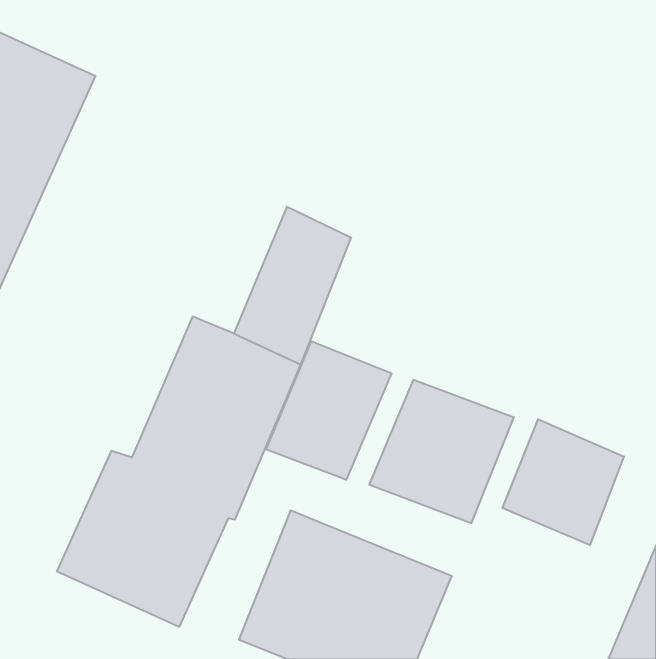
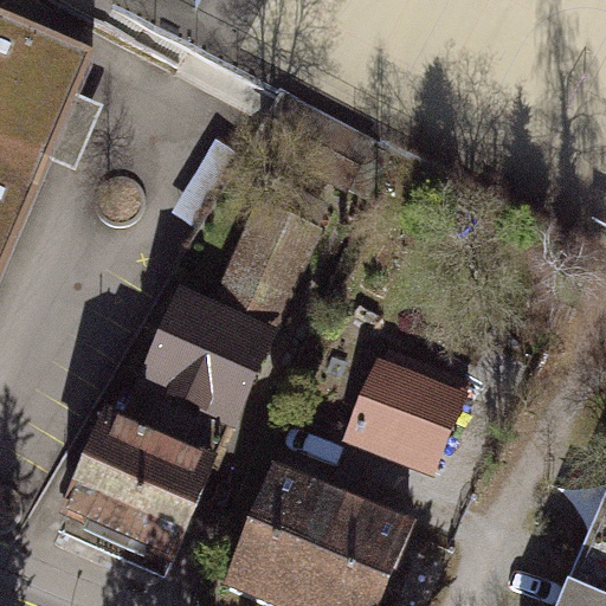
building: [266,341,391,480] -> none
building: [502,419,624,545] -> none

